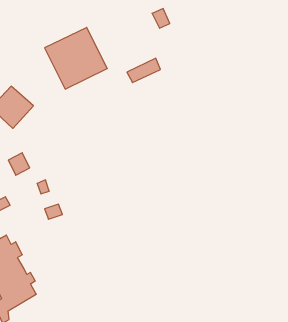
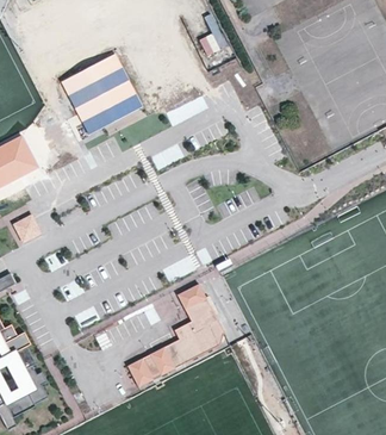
building: none -> [126,285,222,389]

